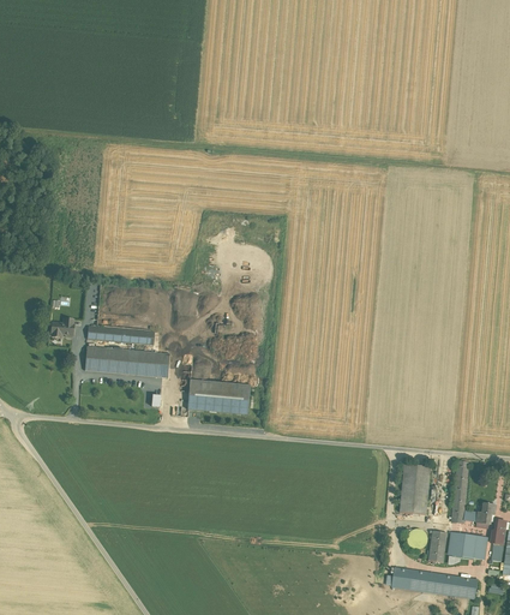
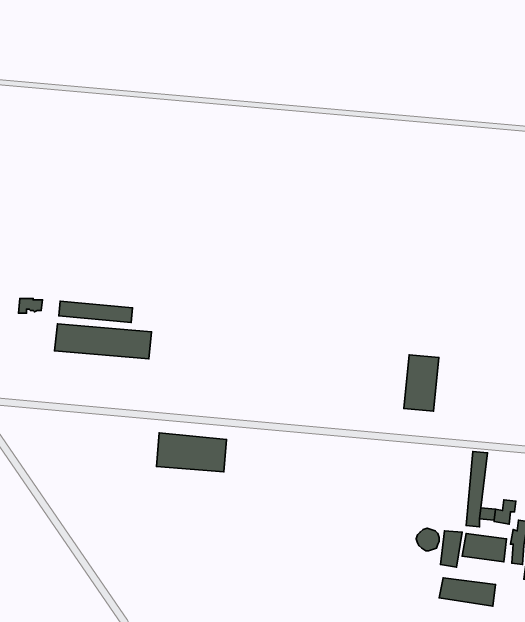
building: [187,380,250,414] -> [156,433,226,472]
building: [398,464,430,514] -> [404,355,439,411]
building: [390,567,430,591] -> none

